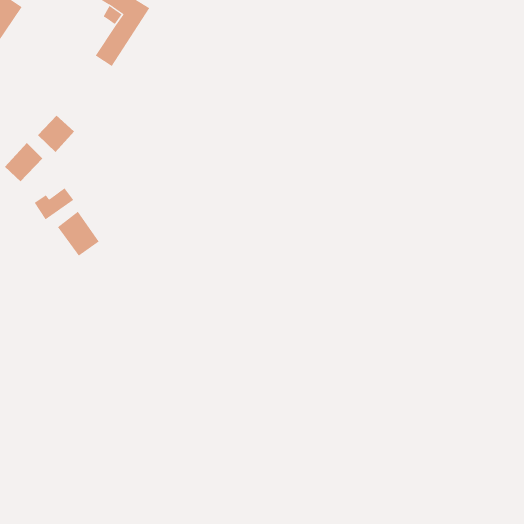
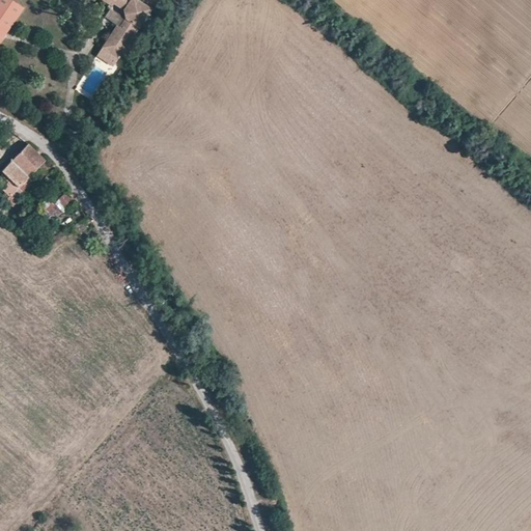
building: [37,115,75,153] -> none
building: [57,211,100,257] -> none

